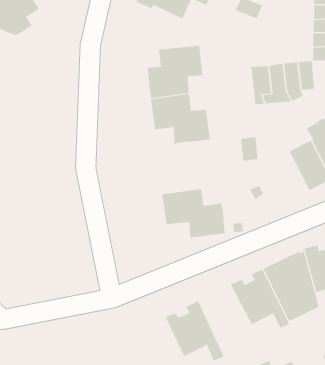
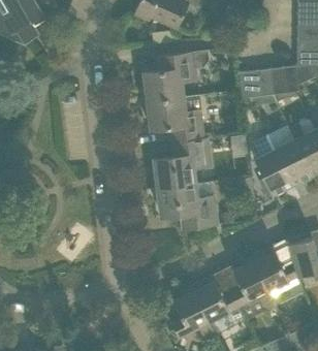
building: none -> [253,137,292,196]
building: none -> [151,138,209,189]
building: none -> [191,272,240,323]

